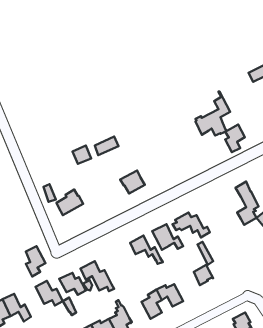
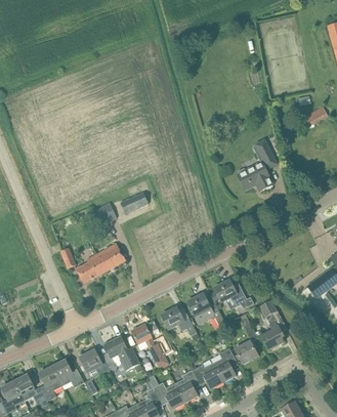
building: [225,124,245,152] -> none
building: [120,171,145,194] -> [96,243,125,269]
building: [235,182,258,225] -> [258,299,285,349]
building: [26,246,45,276] -> [39,366,61,401]
building: none -> [130,323,169,369]
building: none -> [212,347,236,382]
building: none -> [152,381,184,409]

